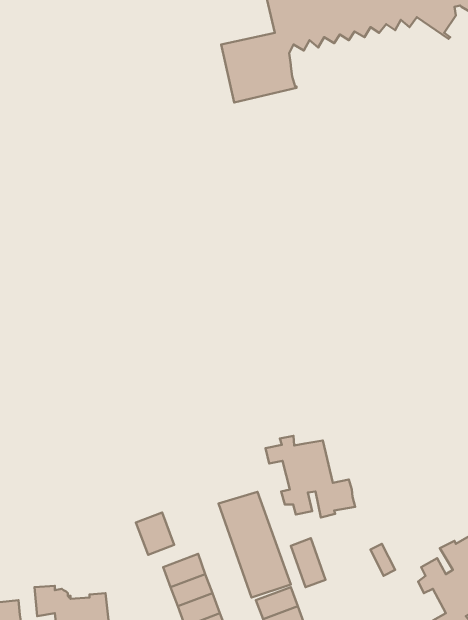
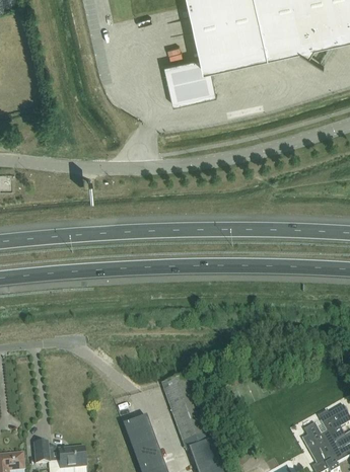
building: [266,436,355,517] -> none
building: [136,513,174,555] -> none
building: [291,538,325,587] -> none

